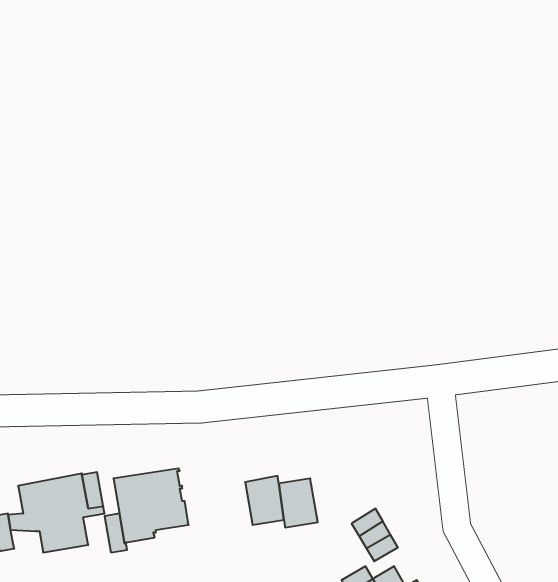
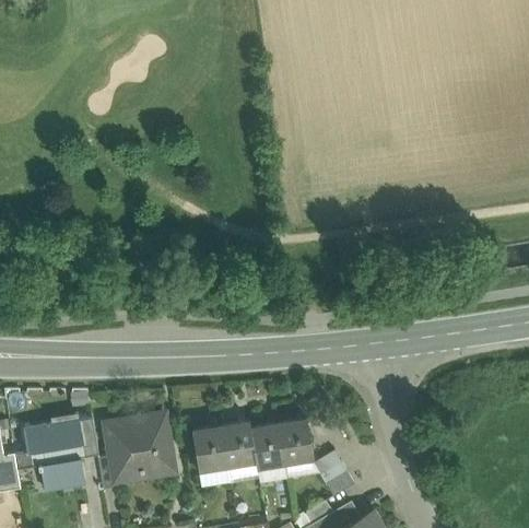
building: none -> [278,420,313,462]
building: none -> [192,427,227,470]

